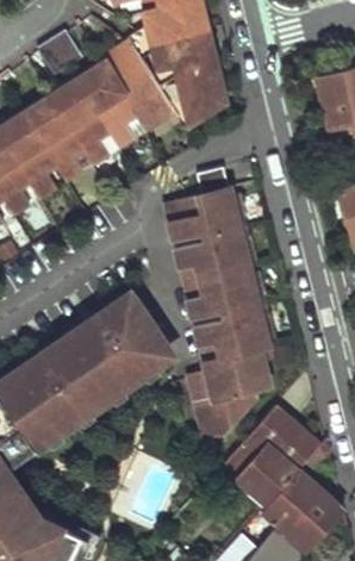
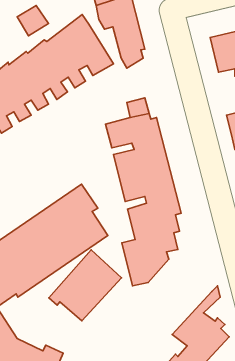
building: [139,54,186,118] -> none
building: [212,406,317,509] -> [49,250,122,321]

